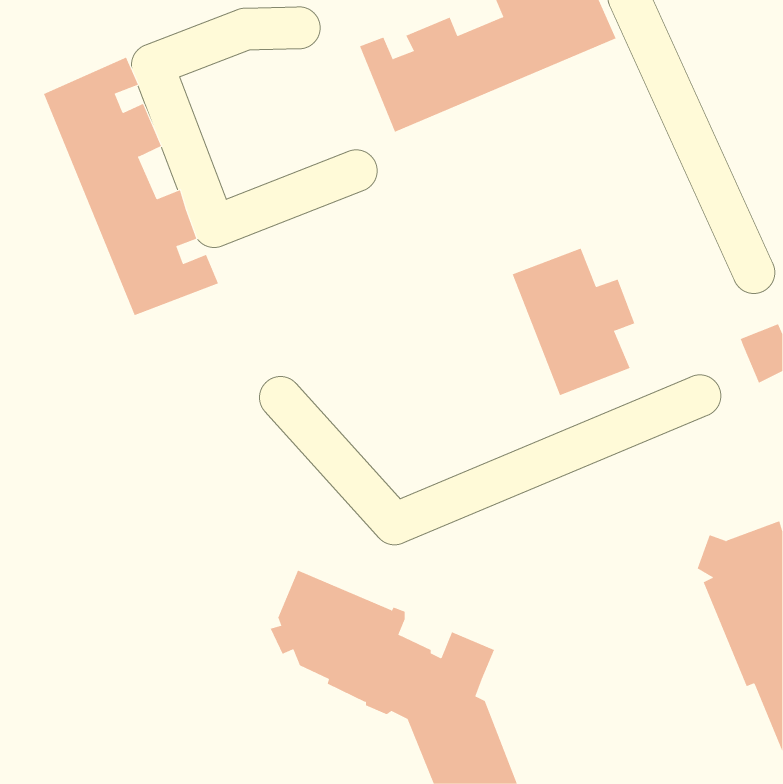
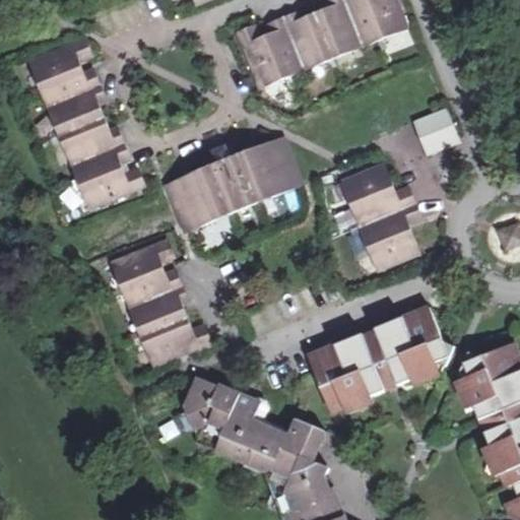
building: none -> [412,108,458,155]
building: none -> [165,135,302,232]
building: none -> [110,242,209,366]
building: none -> [308,306,453,407]

